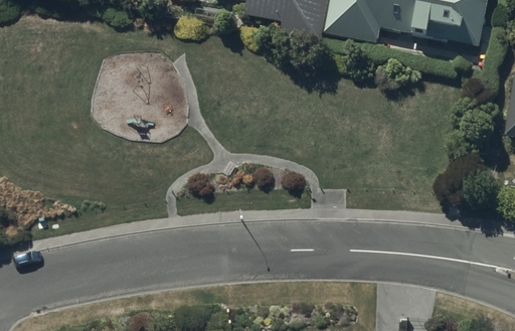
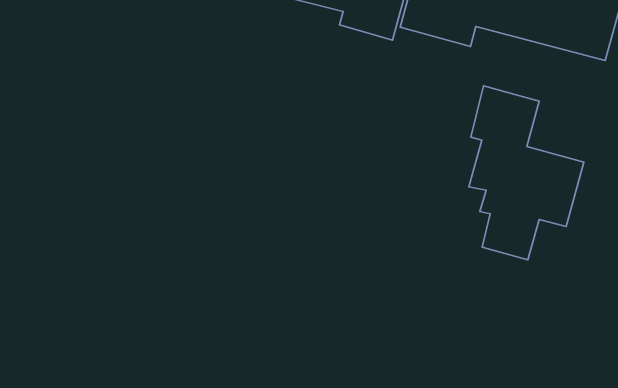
building: none -> [469,86,584,260]

